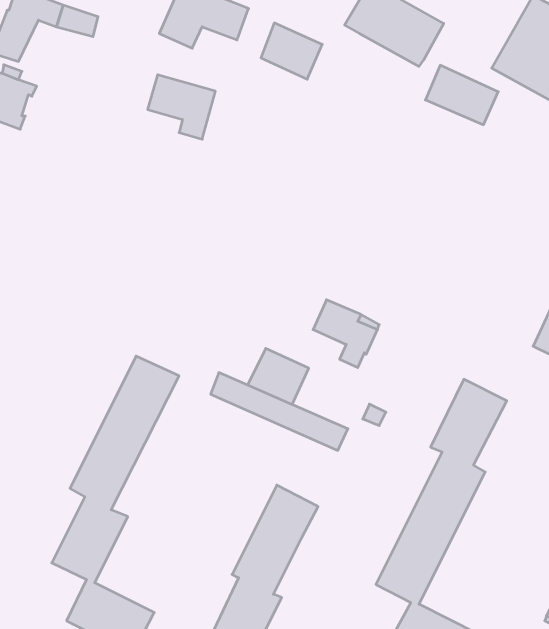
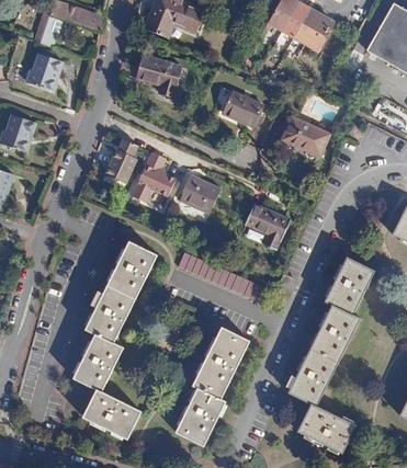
building: [261,23,322,79] -> [222,90,262,127]
building: [425,65,498,125] -> [281,116,329,156]
building: none -> [102,138,137,185]
building: none -> [131,152,174,203]
building: [248,348,309,405] -> [179,175,219,213]

